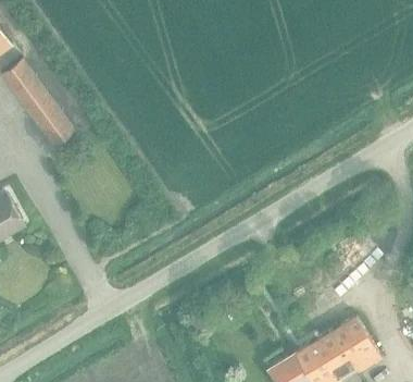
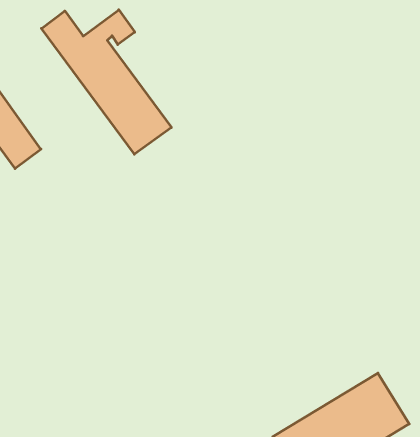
building: none -> [41,10,171,154]

